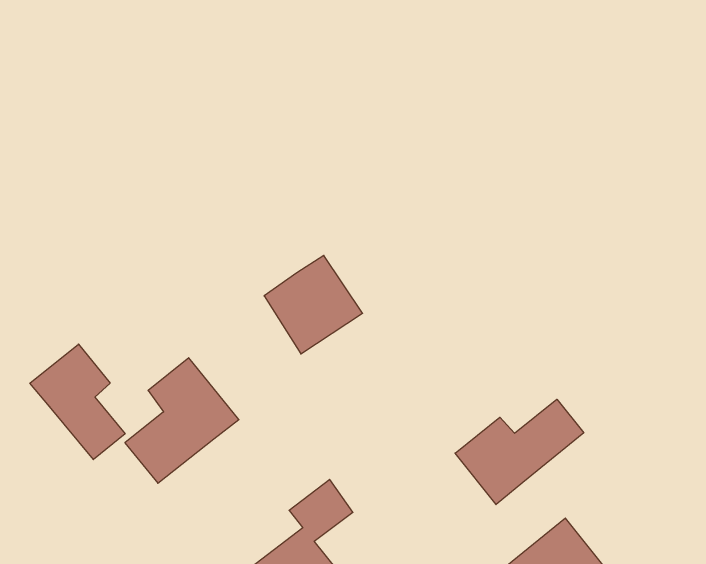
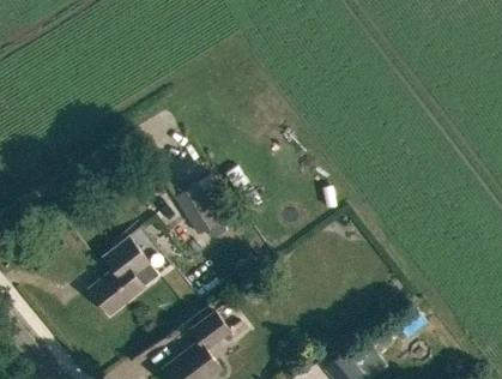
building: [30,344,125,460] -> none
building: [455,399,584,505] -> none

